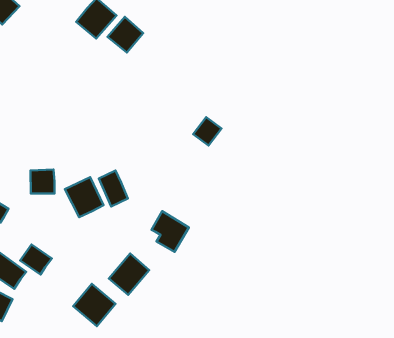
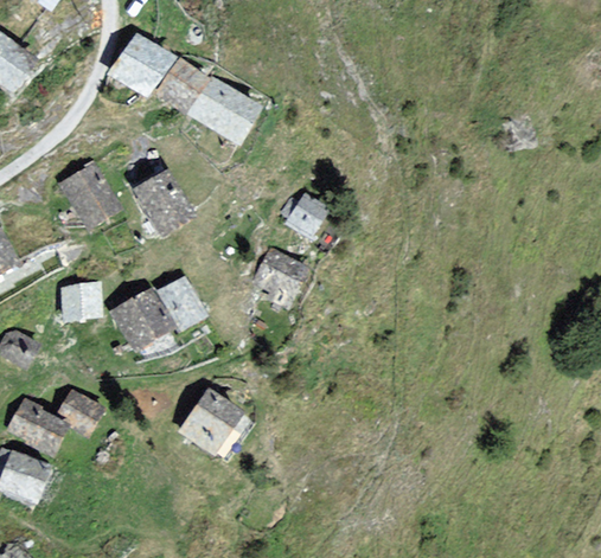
building: none -> [194,81,258,141]
building: none -> [62,166,119,227]
building: none -> [136,174,191,237]
building: [151,211,189,252] -> [255,246,307,302]
building: [73,284,115,326] -> none

